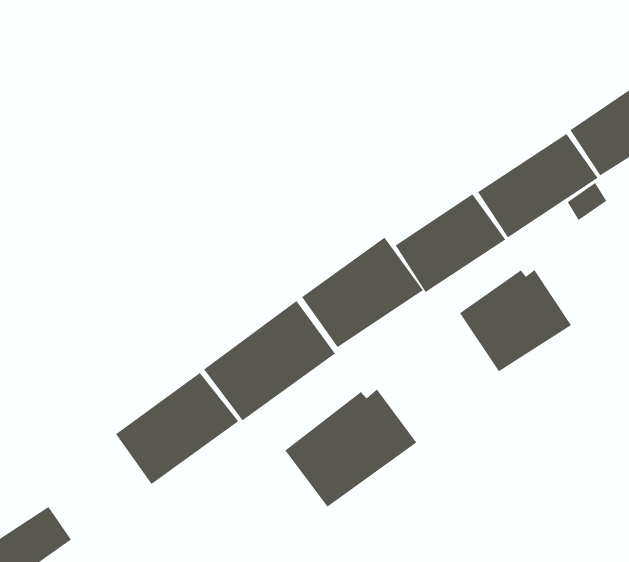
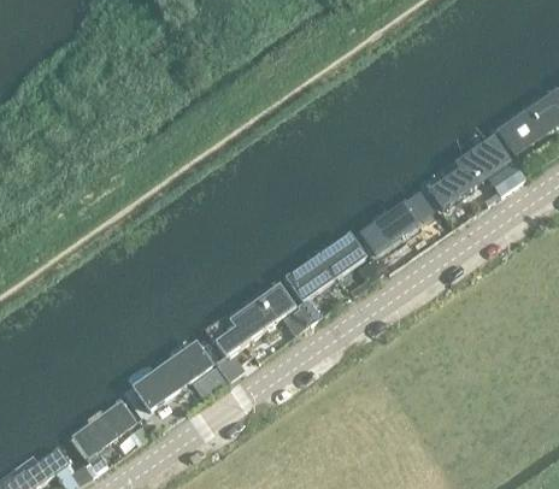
building: [459,269,572,372] -> none
building: [284,388,417,507] -> none
building: none -> [65,394,145,465]

